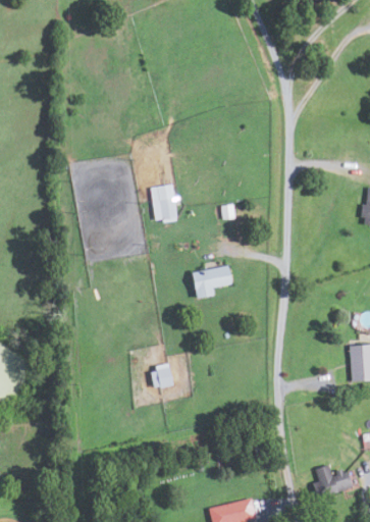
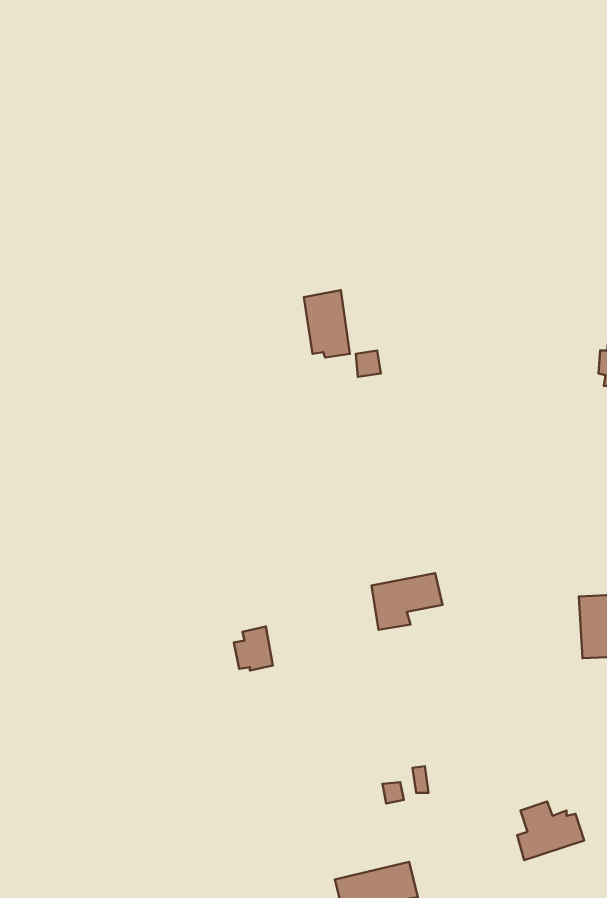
building: [151,184,177,222] -> [304,290,350,357]
building: [192,265,232,298] -> [372,573,442,630]

